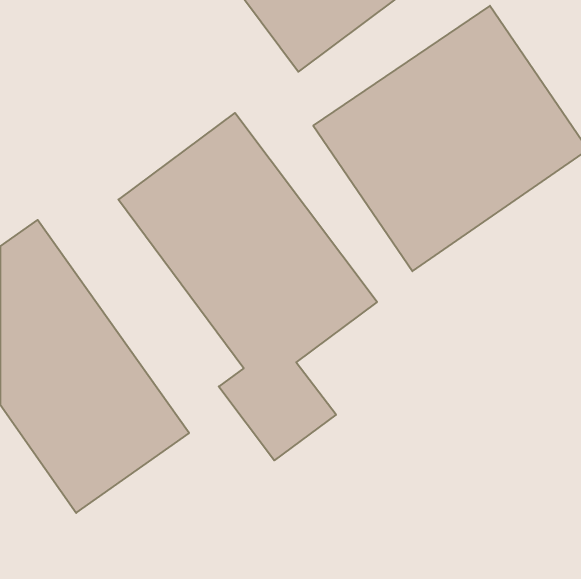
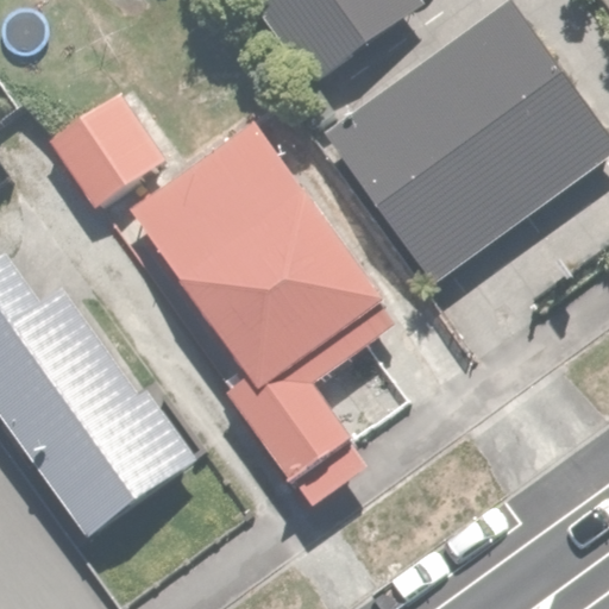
building: none -> [50,89,175,209]

